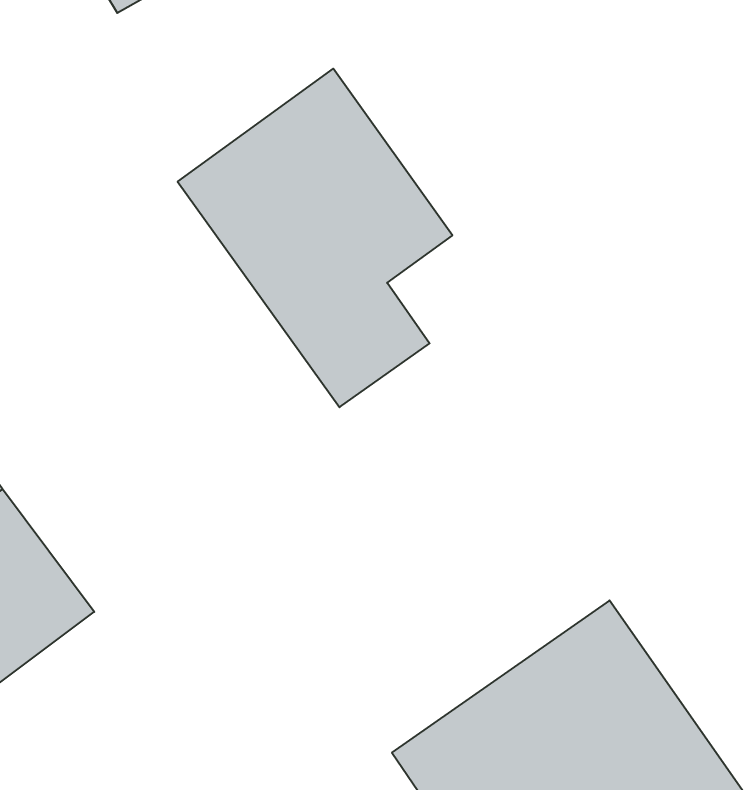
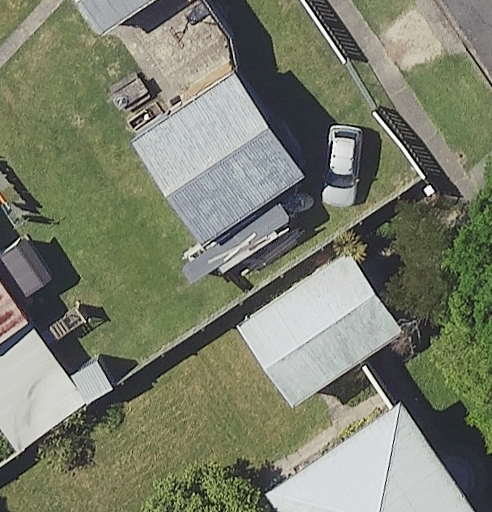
building: none -> [235,243,398,399]

